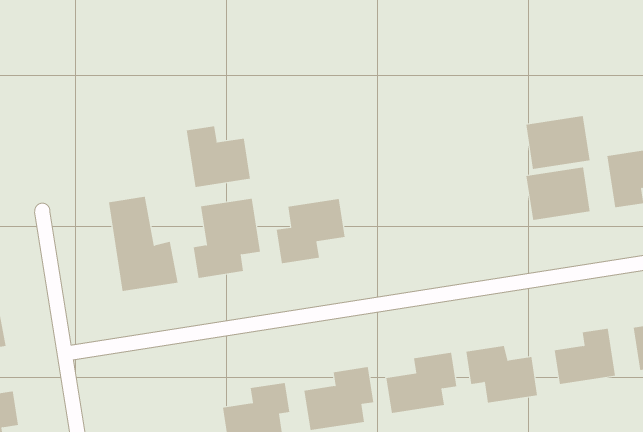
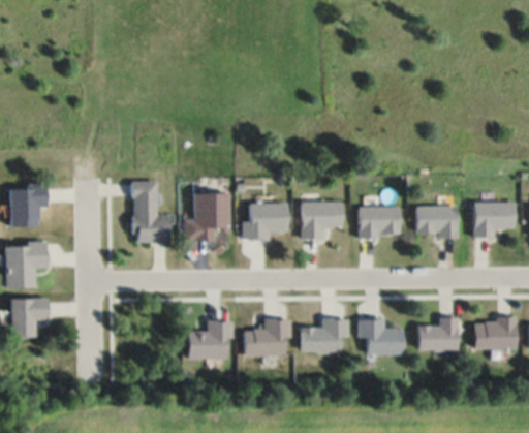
building: [525,116,590,169] -> [361,207,401,238]
building: [186,125,250,188] -> none
building: none -> [302,200,344,240]

